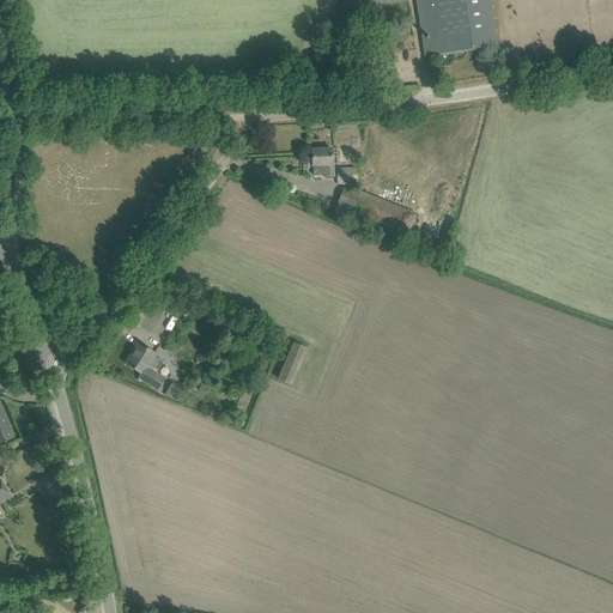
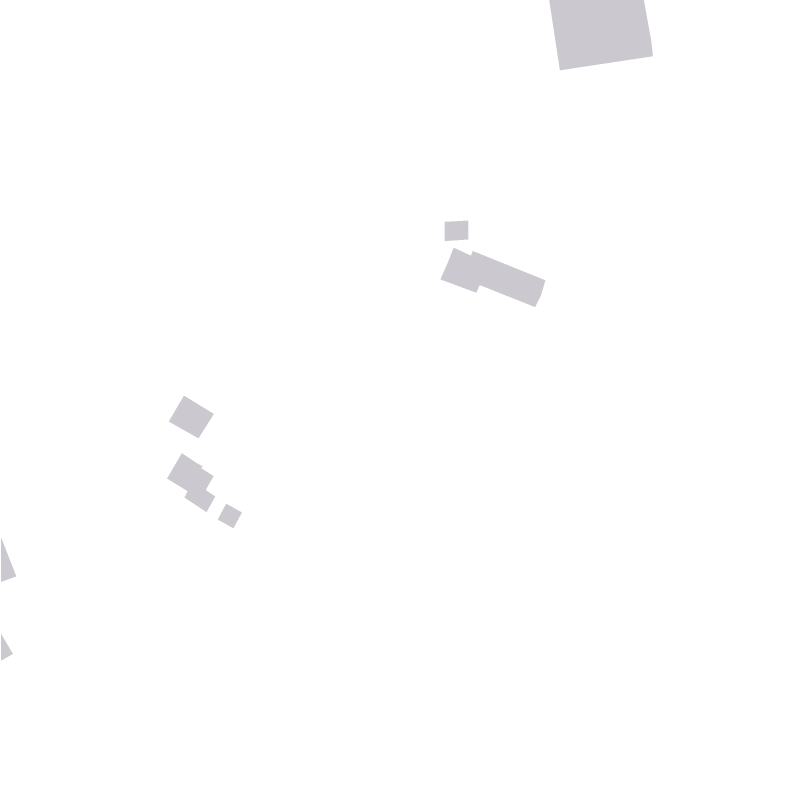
building: [311,148,334,176] -> none
building: [277,341,308,384] -> none

